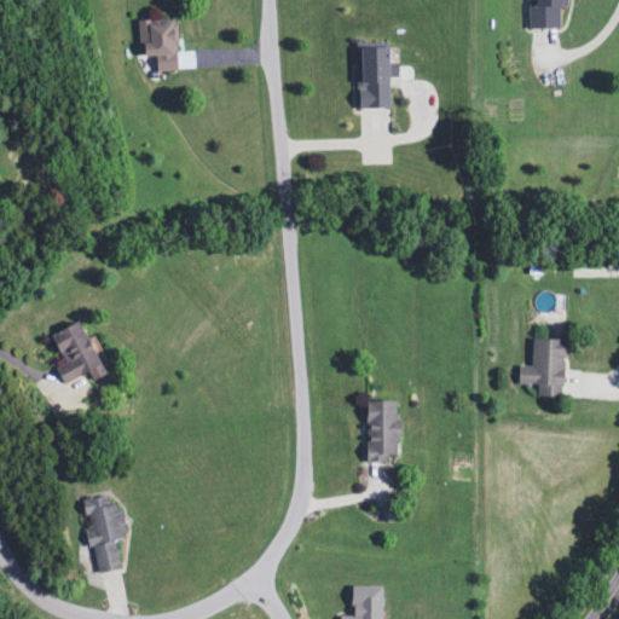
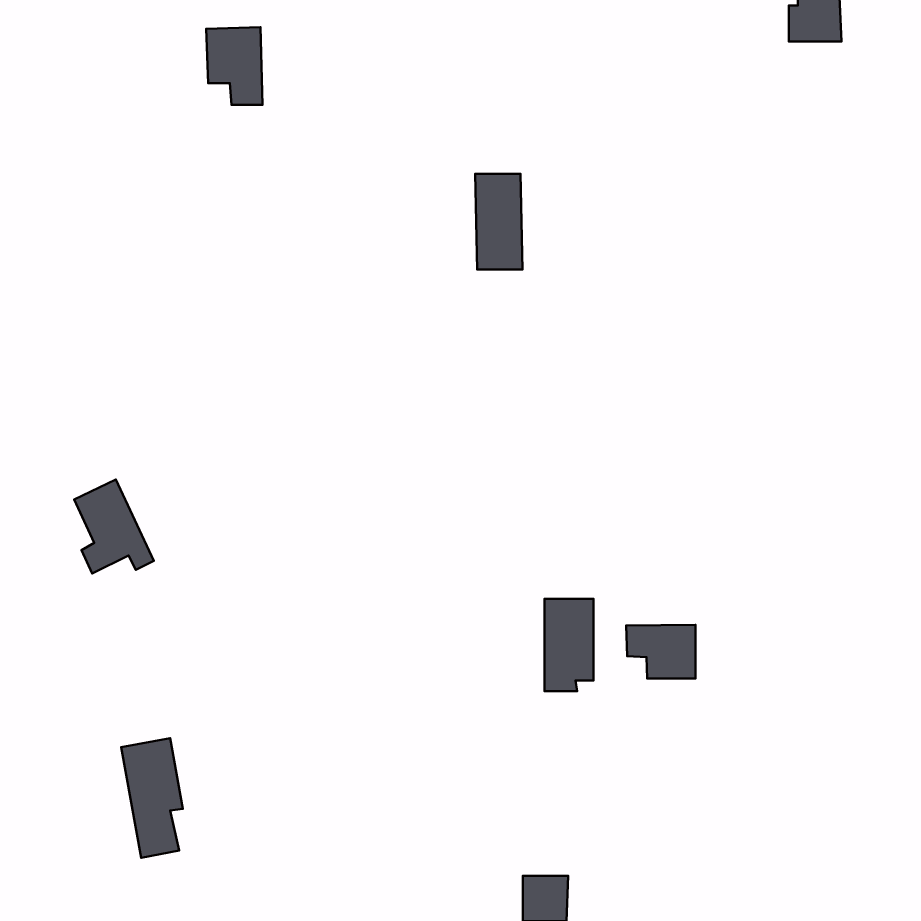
building: [358,44,389,108] -> [475,174,522,270]
building: [520,337,565,397] -> none
building: none -> [626,625,696,679]

